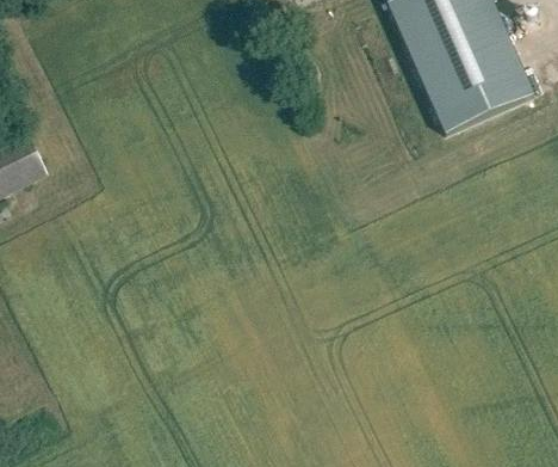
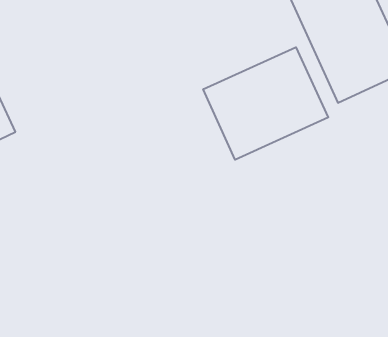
building: none -> [203,47,328,160]

